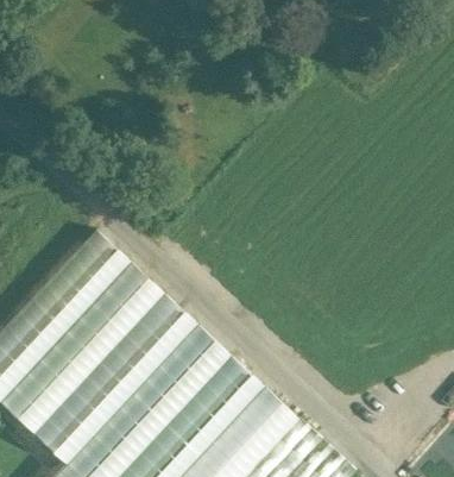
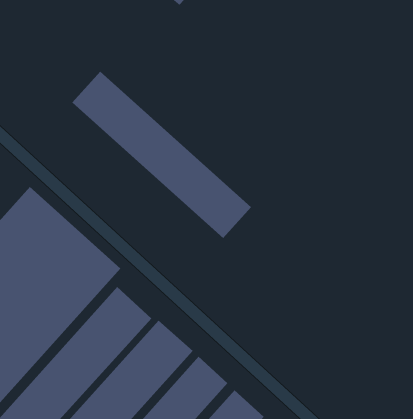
building: none -> [72,71,252,239]

